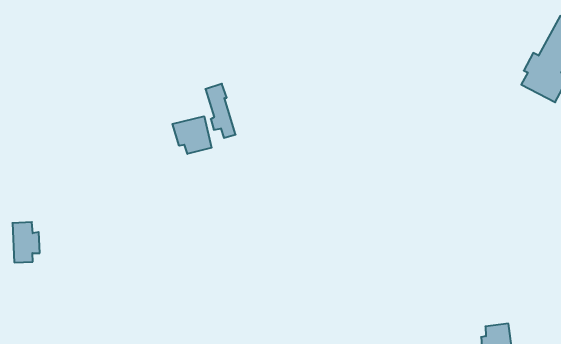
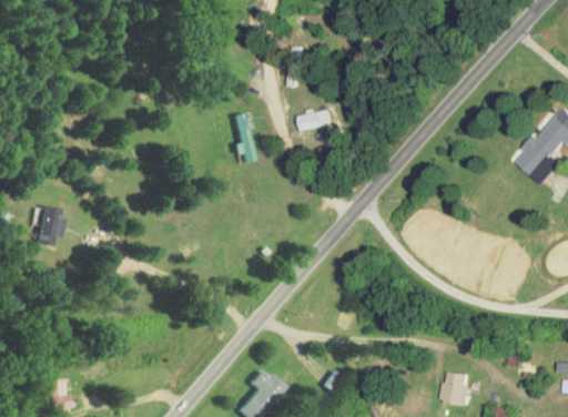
building: none -> [300,109,331,131]
building: [172,116,212,154] -> none

